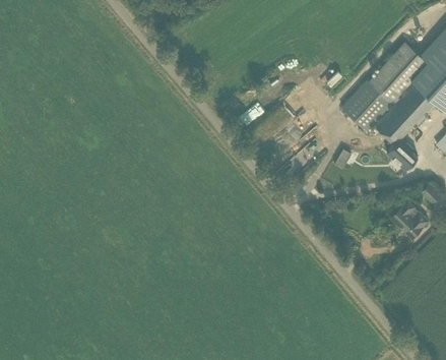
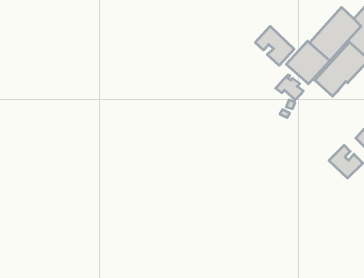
building: none -> [255,26,294,65]
building: [387,138,419,167] -> [276,75,303,100]

